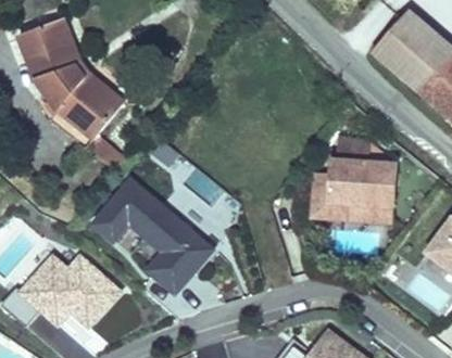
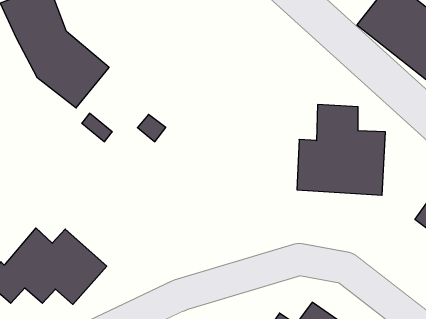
building: [88,171,215,293] -> none

